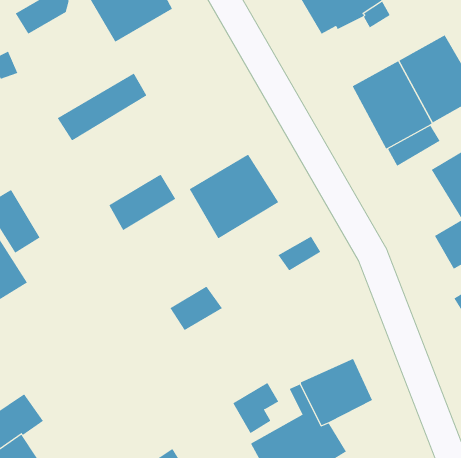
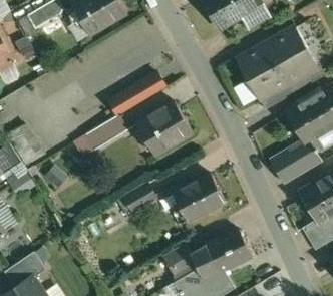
building: [57,73,147,141] -> [109,73,165,115]
building: none -> [270,149,301,184]
building: none -> [174,174,226,221]

